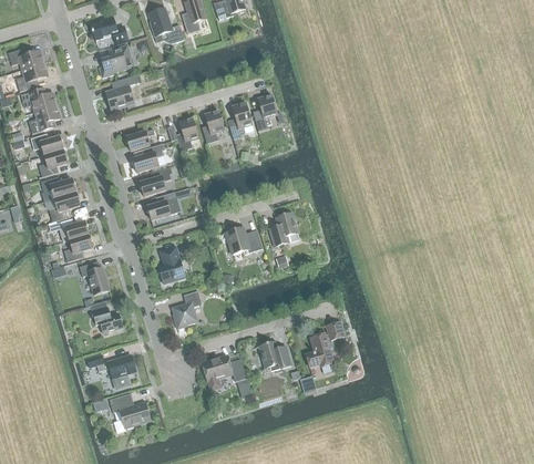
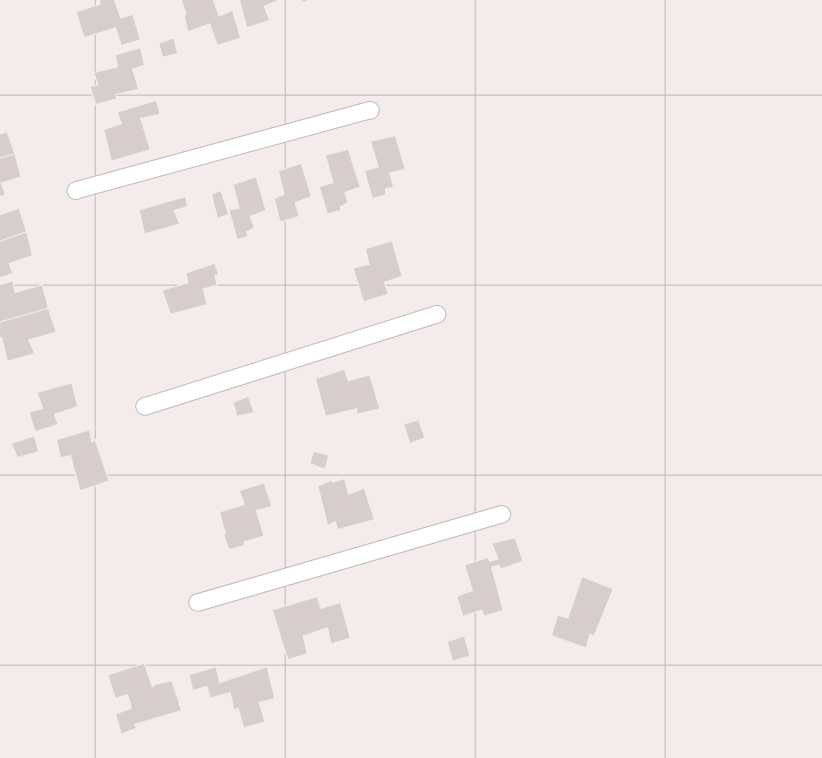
building: [133,143,165,172] -> none
building: [146,190,177,219] -> none
building: [269,212,297,246] -> [353,241,402,302]
building: [55,218,89,241] -> none
building: [157,247,185,282] -> none
building: [90,300,122,332] -> none
building: [259,341,291,370] -> [318,478,374,529]
building: none -> [551,576,613,648]
building: [86,353,135,388] -> [189,667,275,728]

